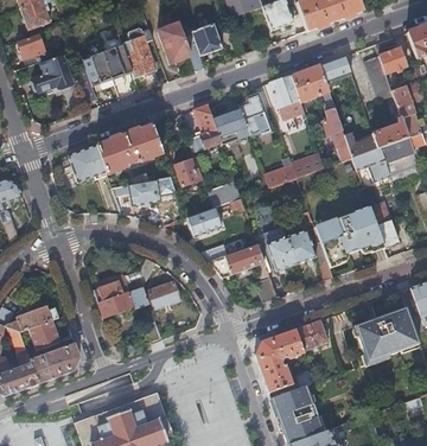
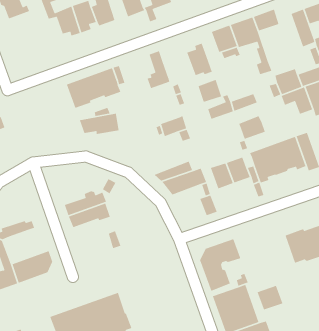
building: [31,57,71,93] -> none
building: [211,109,241,138] -> [197,79,222,103]
building: [66,145,106,181] -> none
building: [172,158,202,187] -> none
building: none -> [238,115,266,140]
building: [186,208,221,237] -> none
building: [147,280,180,310] -> none
building: [27,319,59,349] -> none
building: [295,320,327,351] -> [257,285,283,311]

